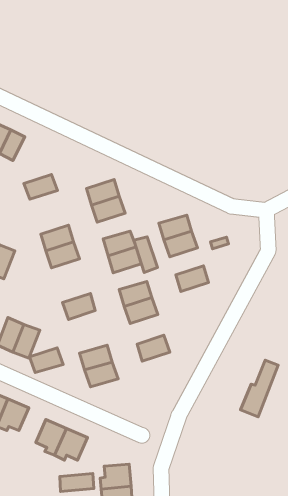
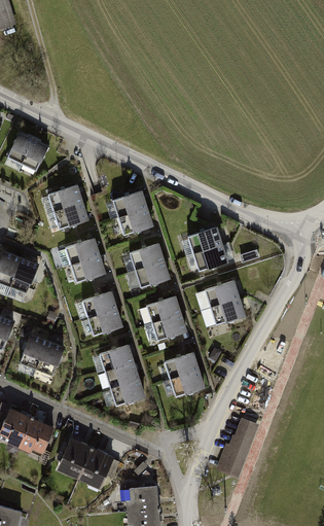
building: none -> [53,202,87,229]
building: [134,237,158,272] -> none
building: none -> [82,291,116,318]
building: none -> [210,297,245,324]
building: [29,348,63,373] -> [99,345,134,371]
building: none -> [170,370,204,396]
building: [240,360,278,417] -> [216,419,255,478]
building: [60,474,94,492] -> none

